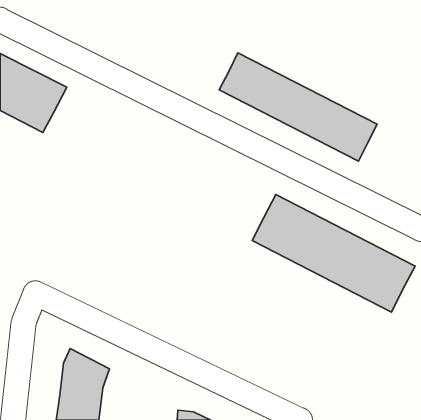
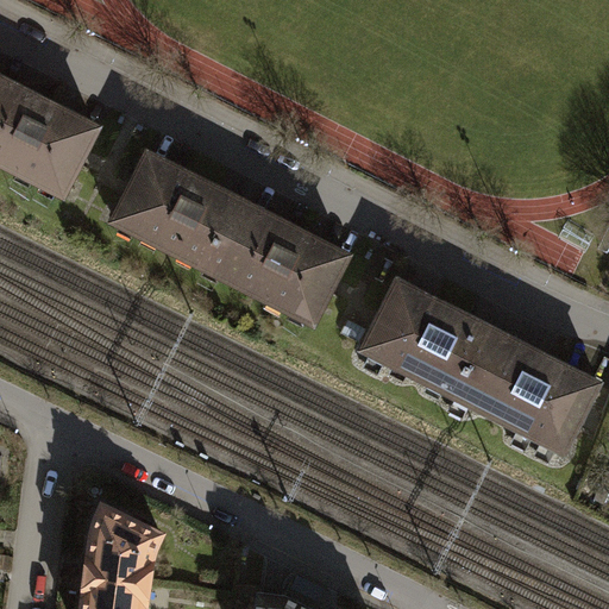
building: [219,53,377,161] -> none
building: none -> [117,155,347,321]

